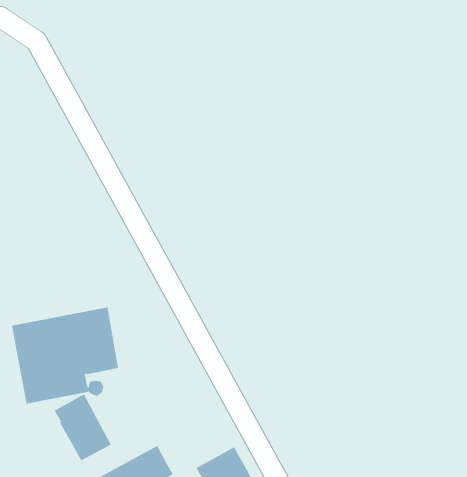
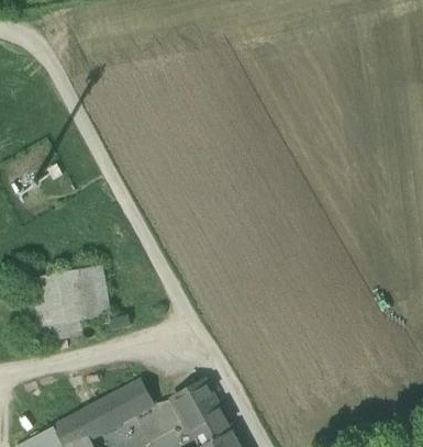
building: [54,394,112,461] -> none

